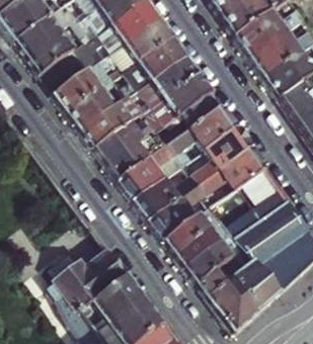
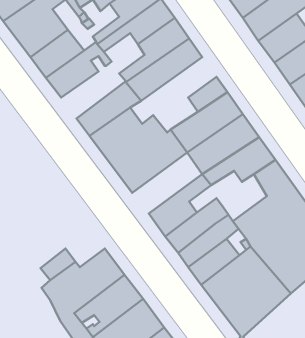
building: [142,72,212,121] -> none
building: [68,85,128,128] -> none
building: [134,160,199,217] -> none

